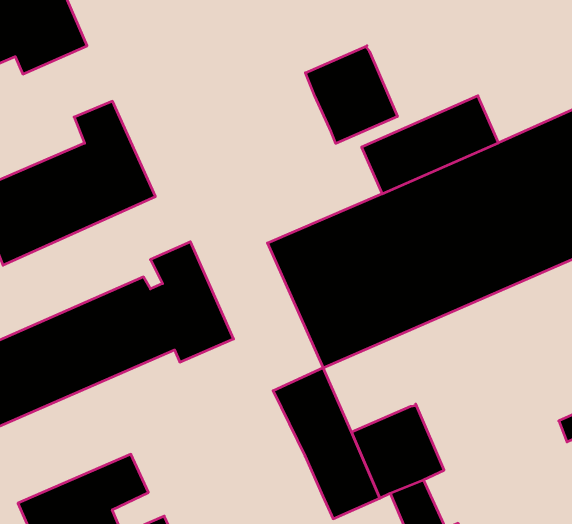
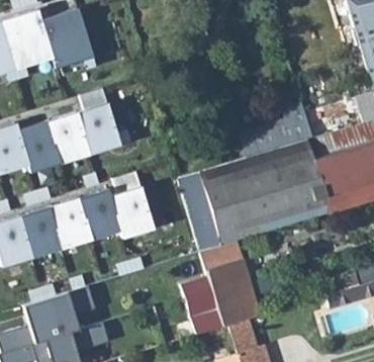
building: [305,46,397,143] -> none
building: none -> [201,240,250,288]

